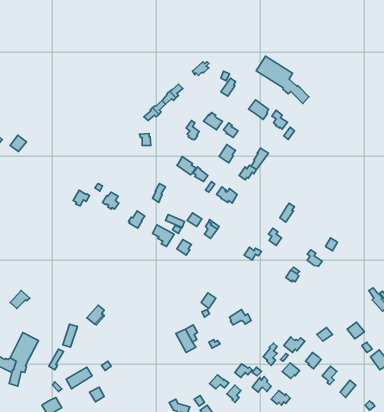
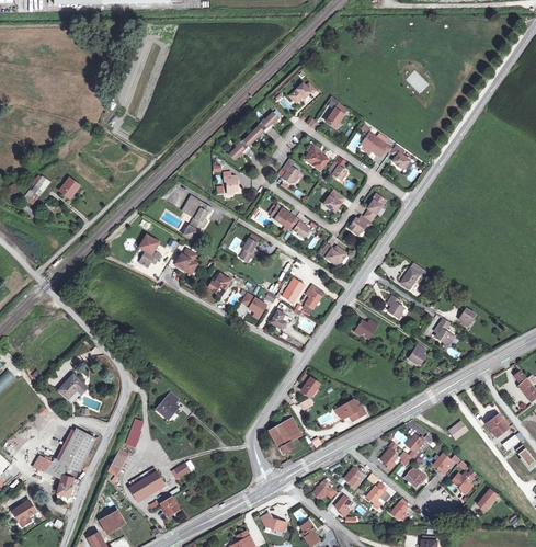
building: [256,56,309,103] -> none
building: none -> [181,194,212,239]

